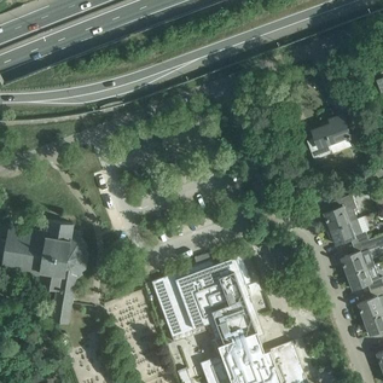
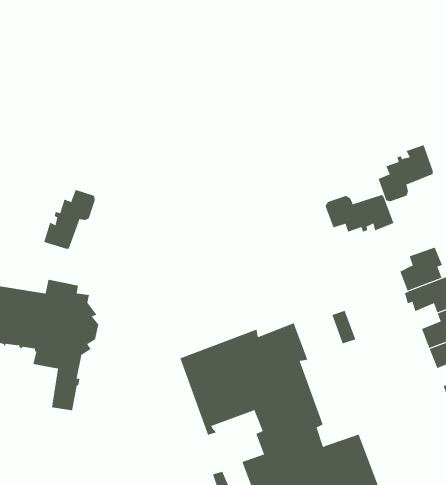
building: none -> [44,189,95,249]
building: none -> [325,194,394,233]

